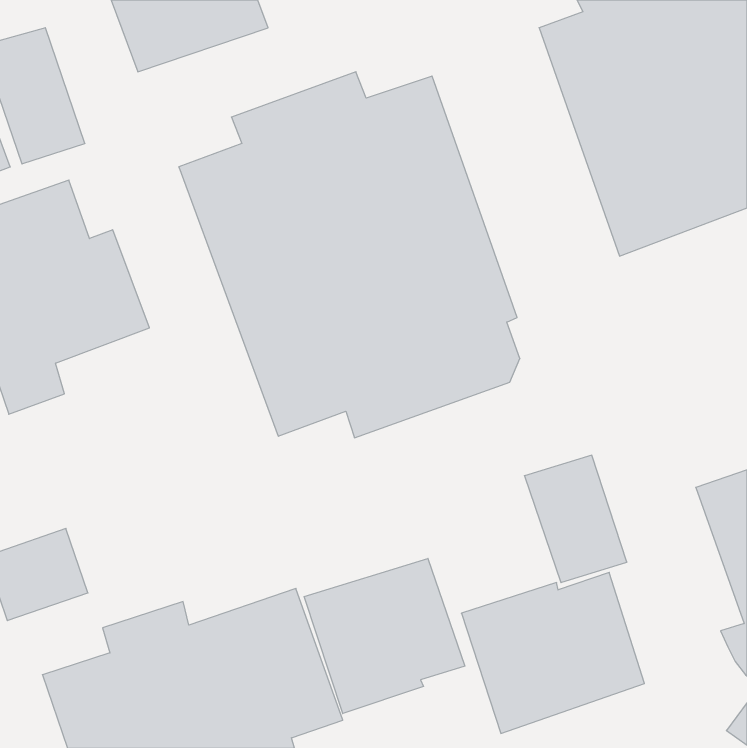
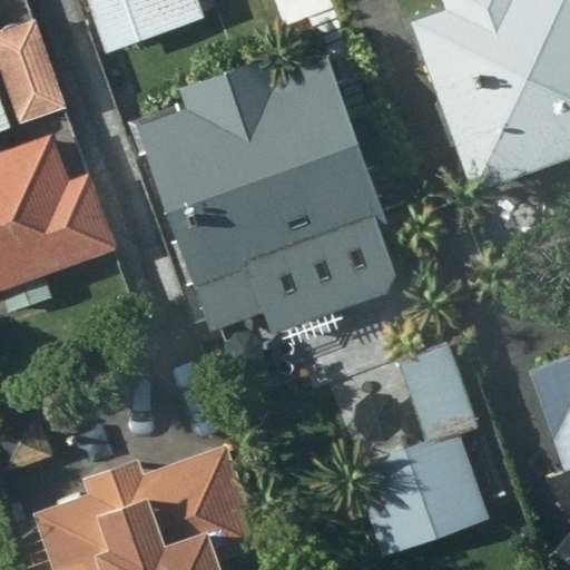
building: [304,558,465,714] -> none

